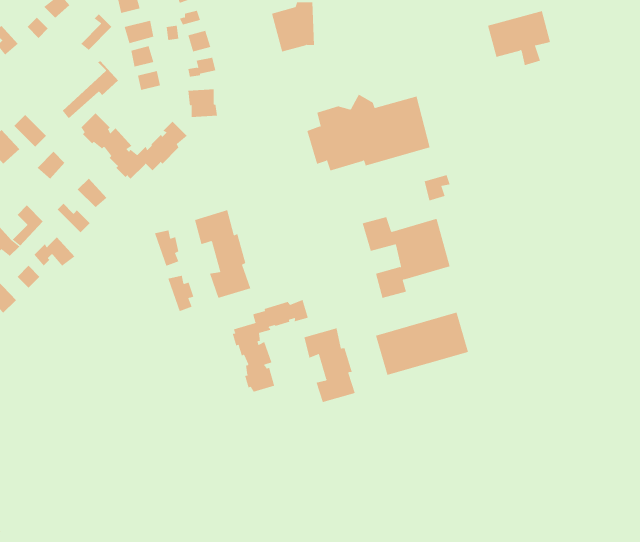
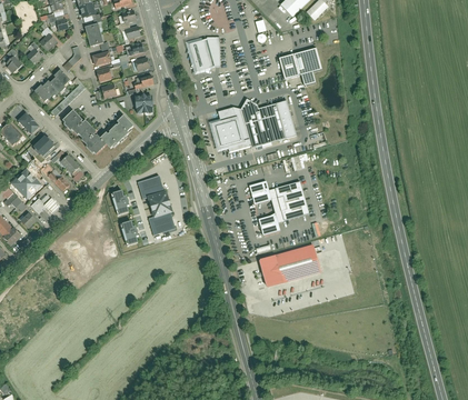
building: [487,10,551,66] -> [279,48,321,84]
building: none -> [33,69,70,101]
building: [232,299,308,392] -> none
building: [304,328,356,403] -> none

